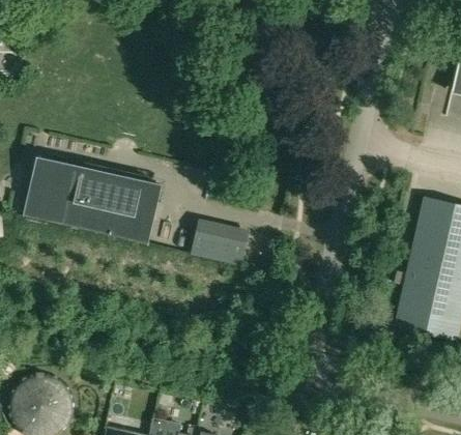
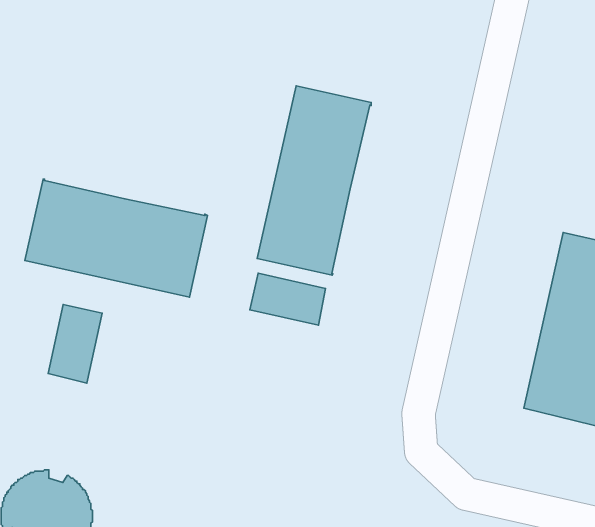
building: none -> [257,86,371,275]
building: none -> [48,305,102,383]

